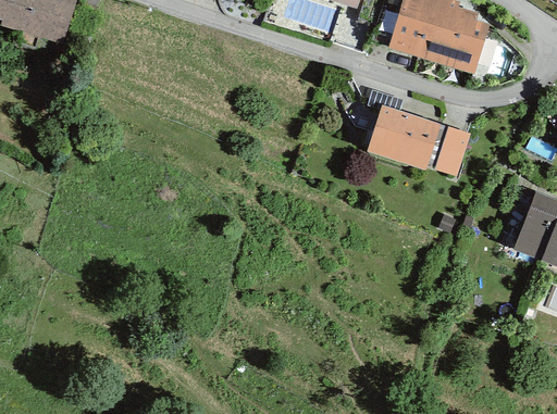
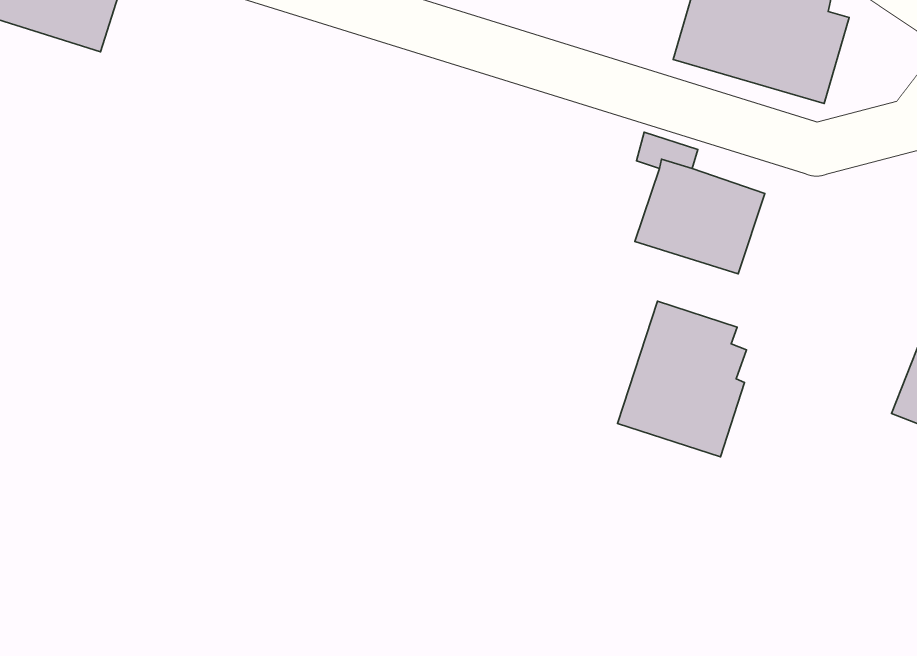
building: [434,126,471,176] -> none
building: none -> [618,301,747,457]

